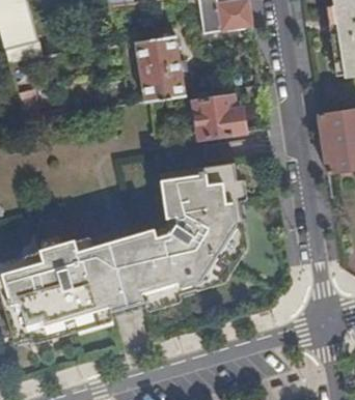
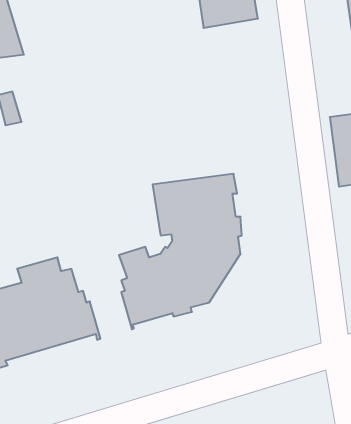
building: [136,36,186,102] -> none
building: [194,96,245,138] -> none
building: [86,236,140,311] -> none

